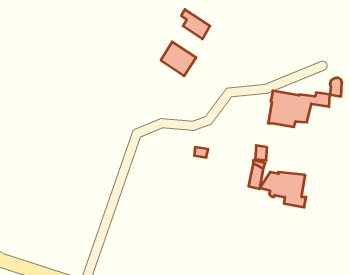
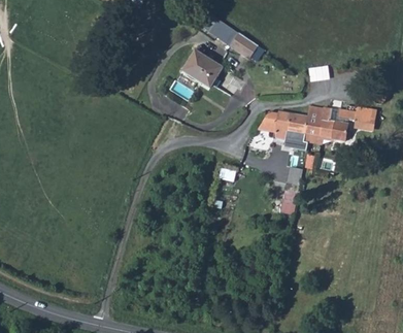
building: none -> [230,32,258,59]
building: [260,172,306,207] -> [257,112,308,152]

